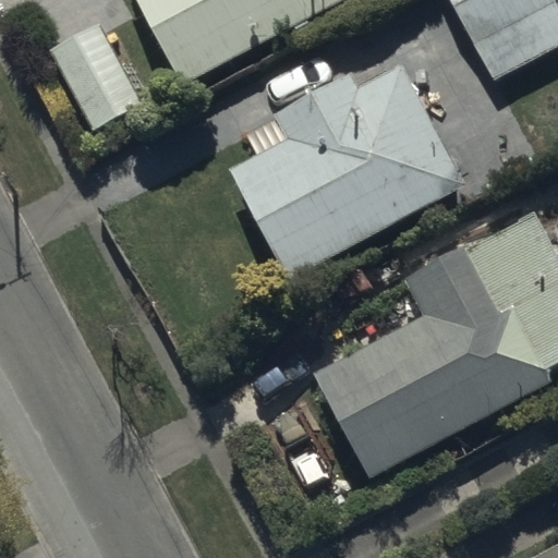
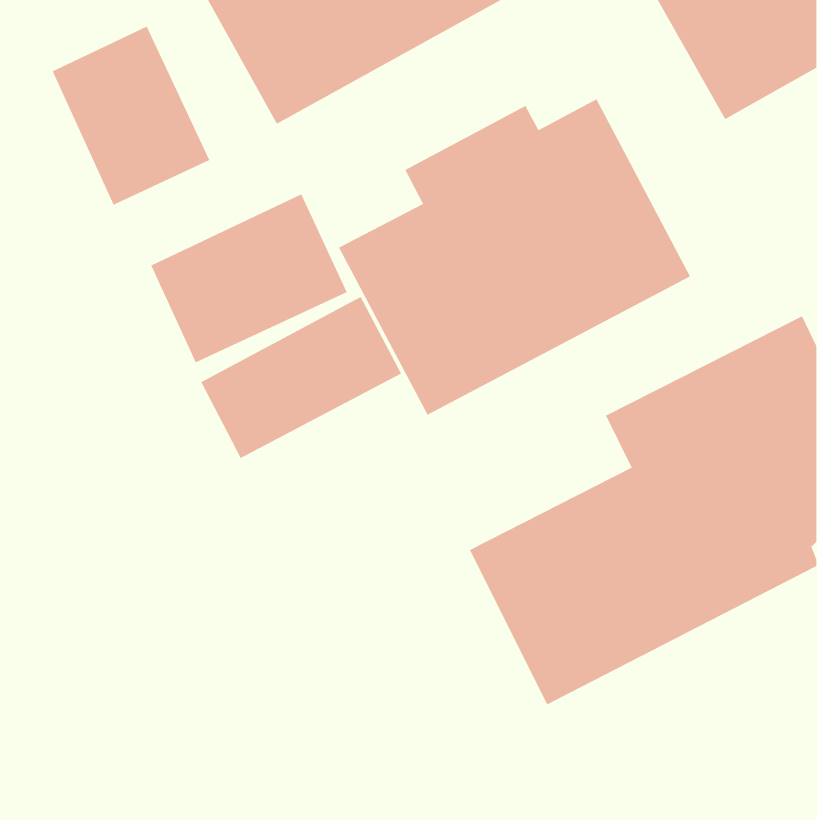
building: none -> [151,194,348,363]
building: none -> [201,296,402,459]

